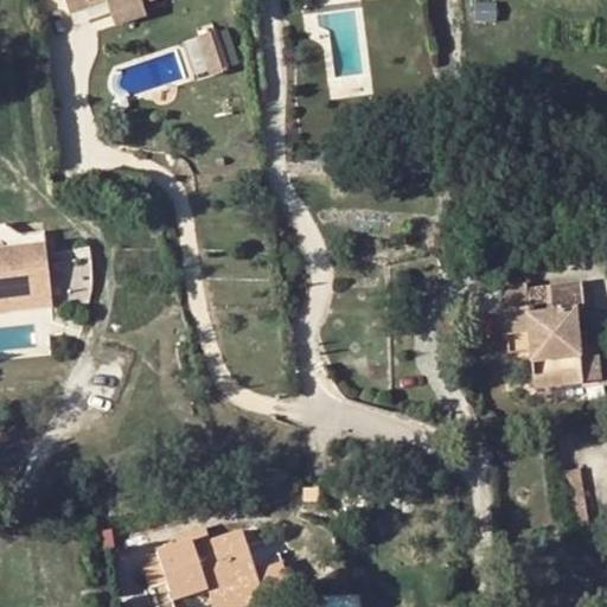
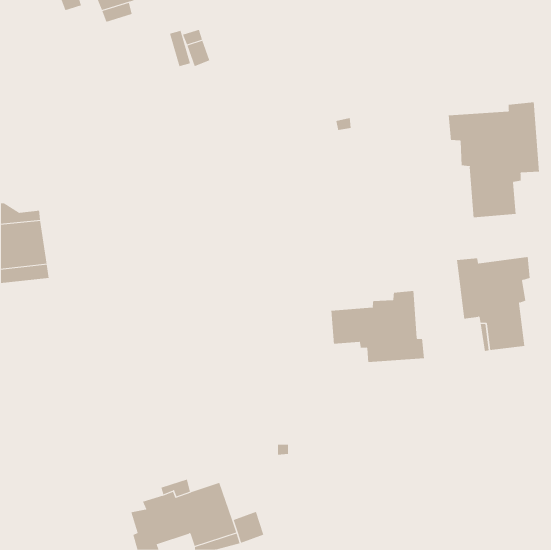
building: none -> [448,102,539,218]
building: none -> [331,290,425,363]

